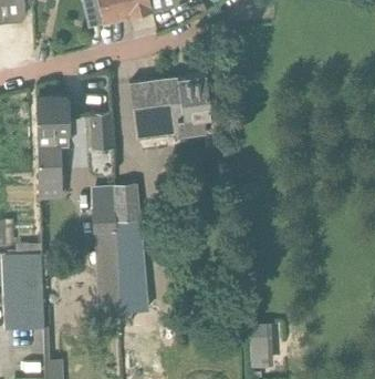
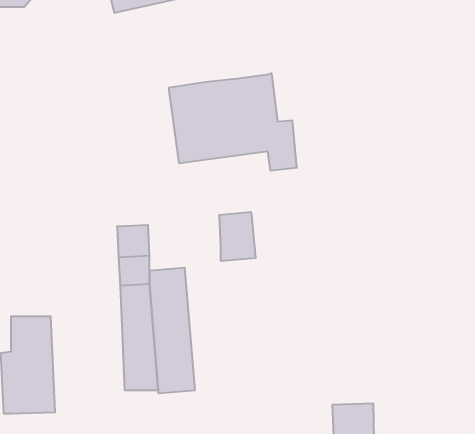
building: [35,96,69,184] -> none
building: [90,112,111,148] -> none
building: [113,184,140,221] -> [219,212,256,261]

